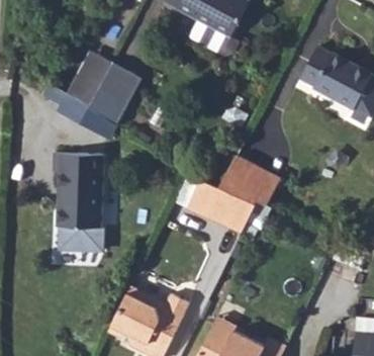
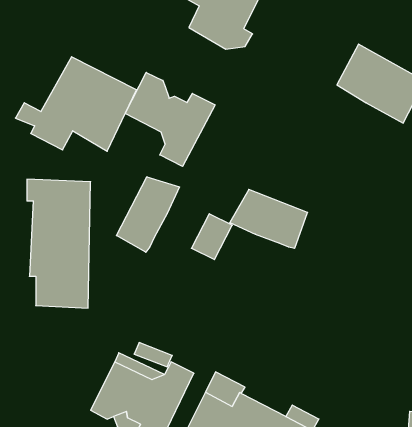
building: none -> [125,72,215,166]
building: none -> [116,177,180,252]
building: [203,187,253,232] -> none

